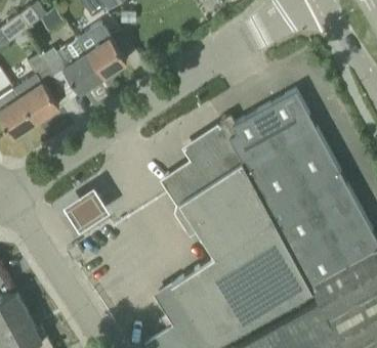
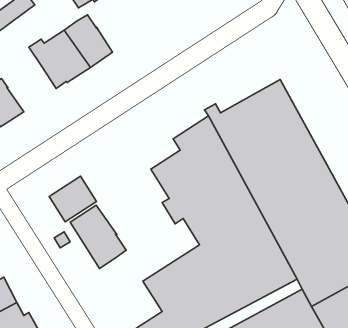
building: [17,54,58,123] -> none
building: none -> [70,205,126,268]

